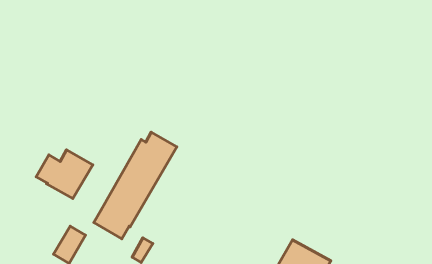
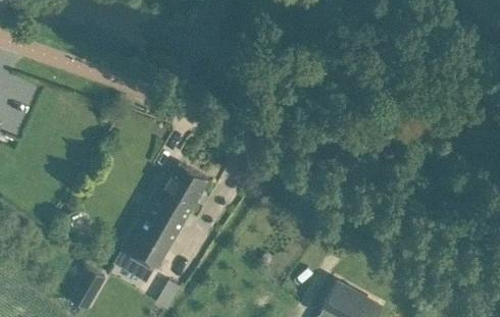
building: [36,150,93,199] -> none

